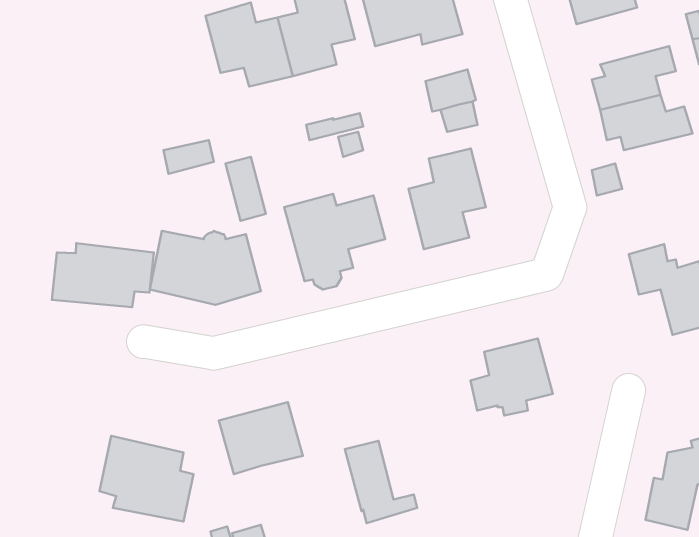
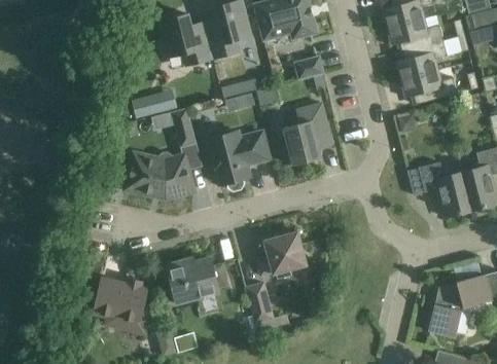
building: none -> [387,15,443,50]
building: [52,243,154,307] -> none
building: [471,338,553,416] -> [256,230,307,278]

